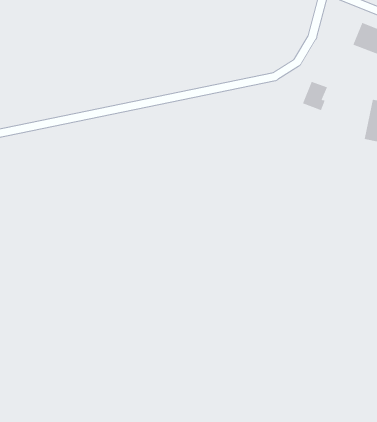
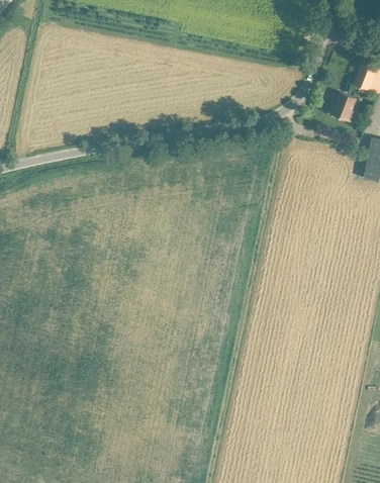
building: [302,81,328,111] -> [331,93,357,122]

